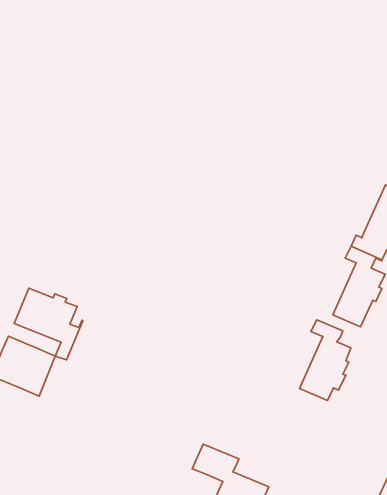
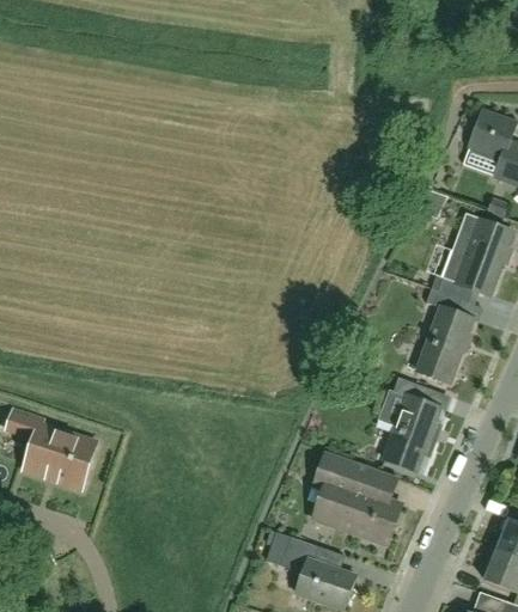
building: [14,288,83,360] -> none
building: none -> [312,453,400,545]

